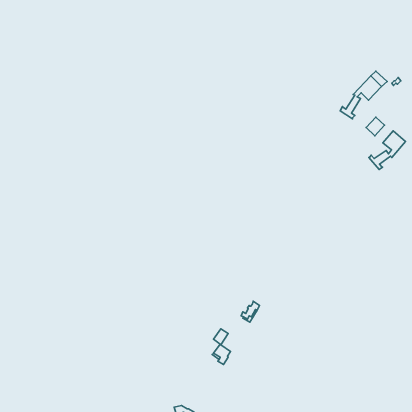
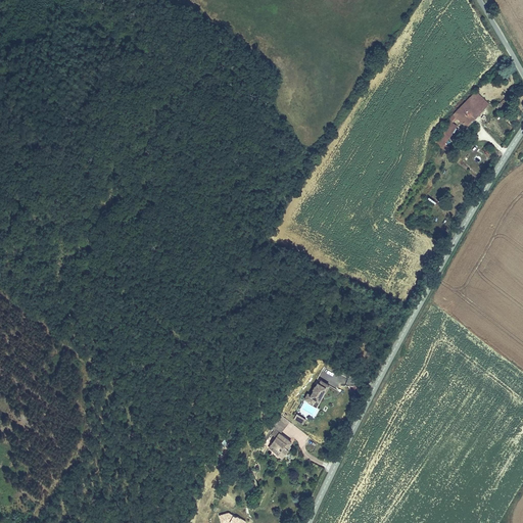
building: [369,131,406,169] -> none

